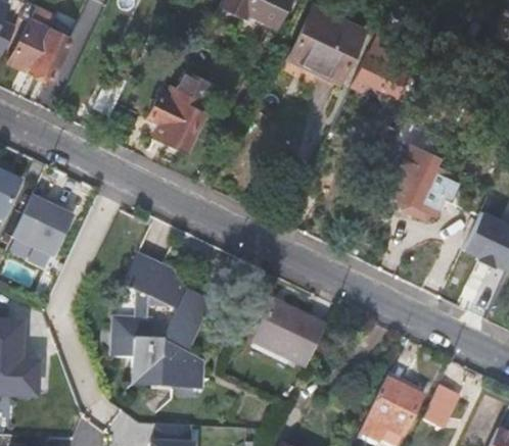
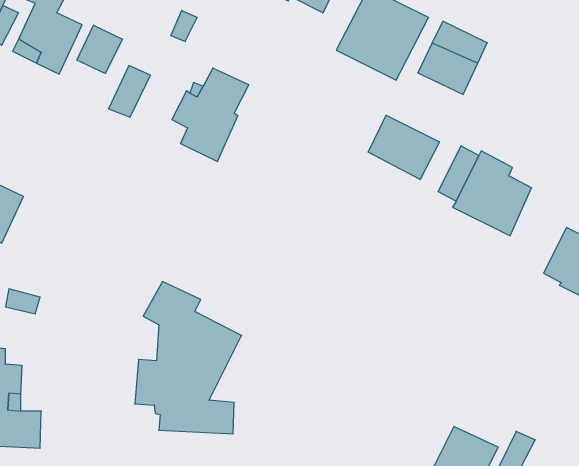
building: none -> [77,25,123,73]
building: none -> [368,115,439,180]
building: [12,197,74,257] -> none
building: [249,299,325,366] -> none

